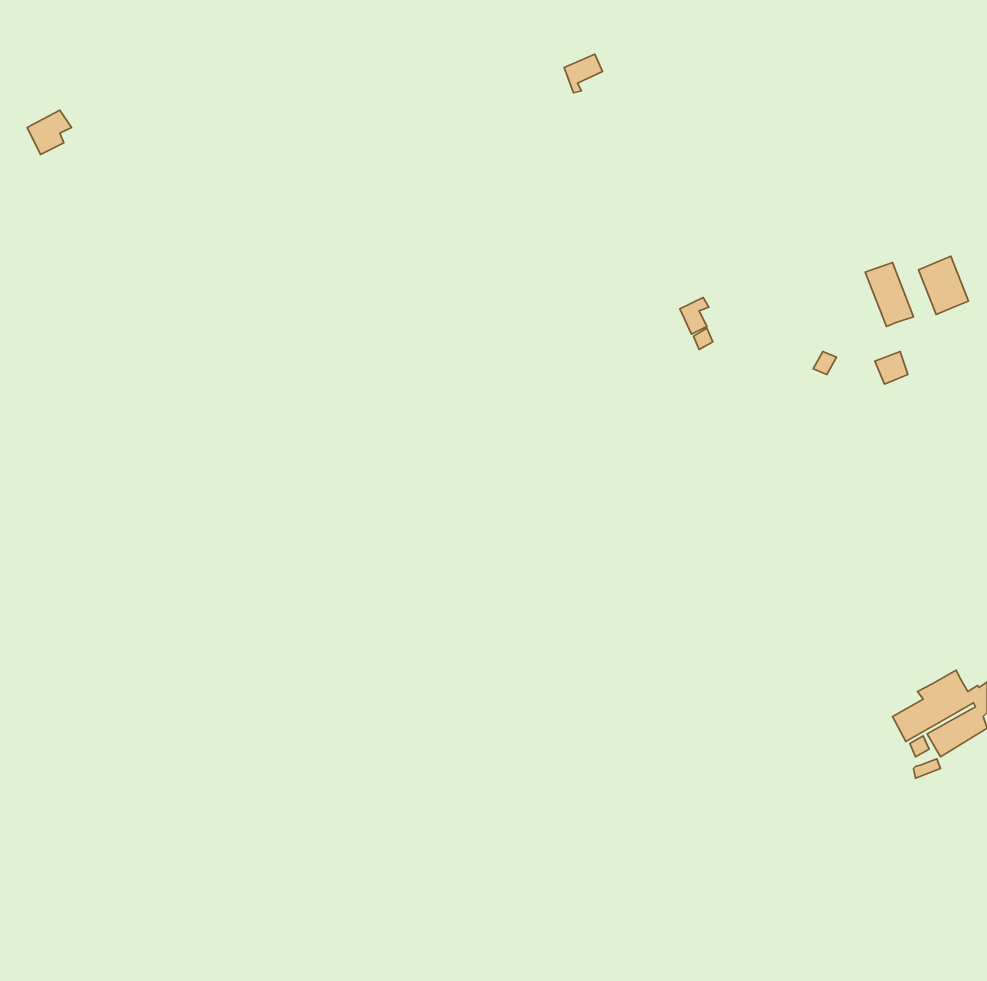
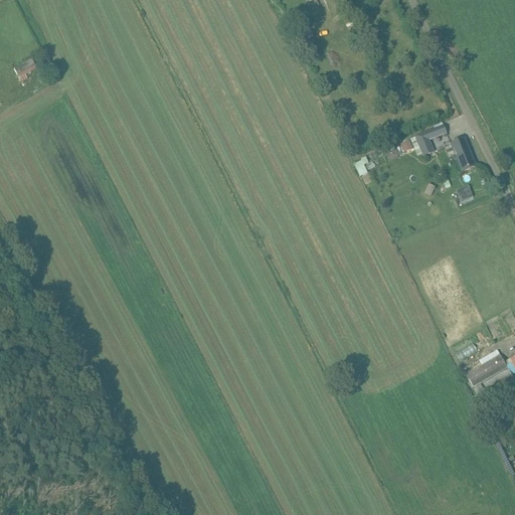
building: none -> [414,124,447,155]
building: [919,256,969,315] -> none

